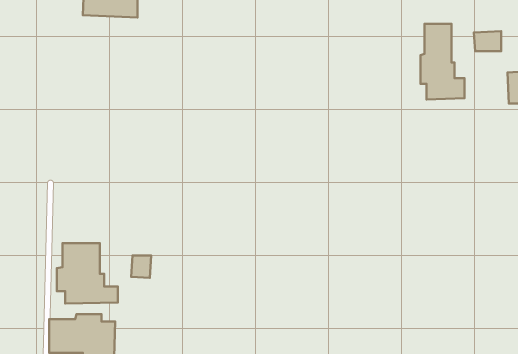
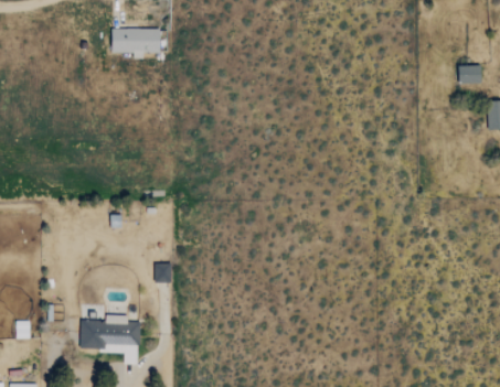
building: [420,24,465,100] -> none
building: [57,243,118,304] -> none

